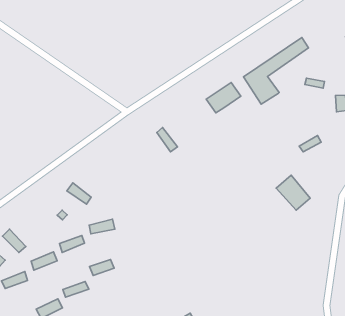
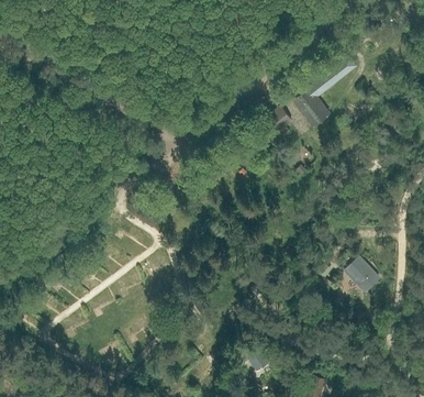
building: [276,175,310,210] -> [344,256,379,291]

